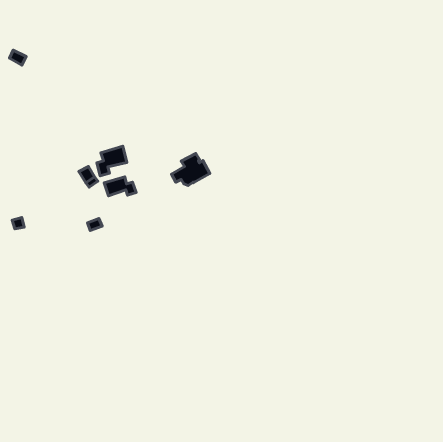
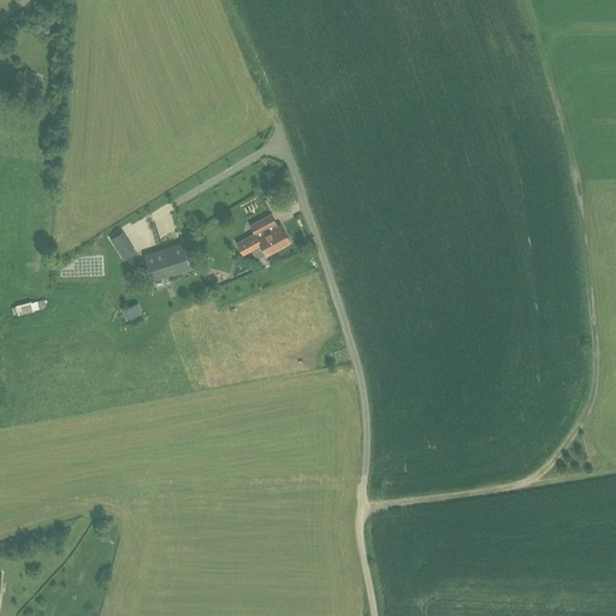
building: [97,146,127,176] -> none

